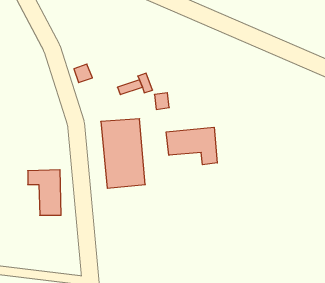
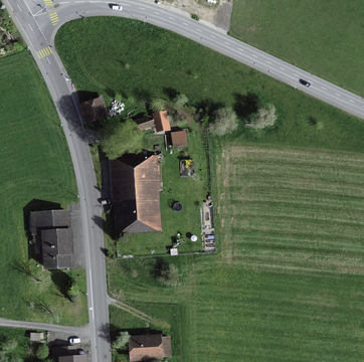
building: [166,127,217,165] -> none

